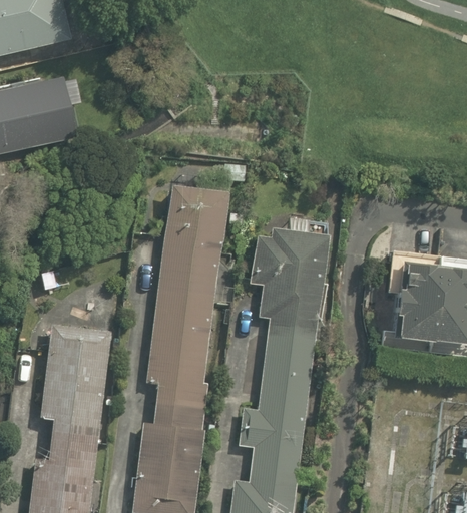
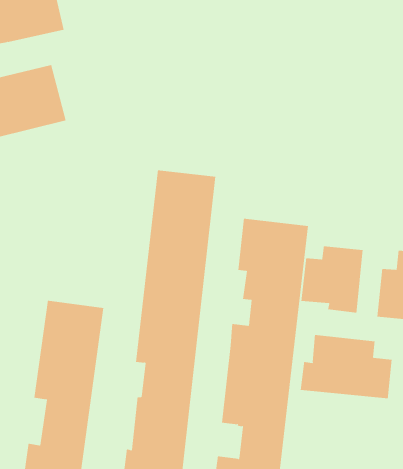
building: none -> [301,246,363,313]
building: none -> [300,334,392,399]

